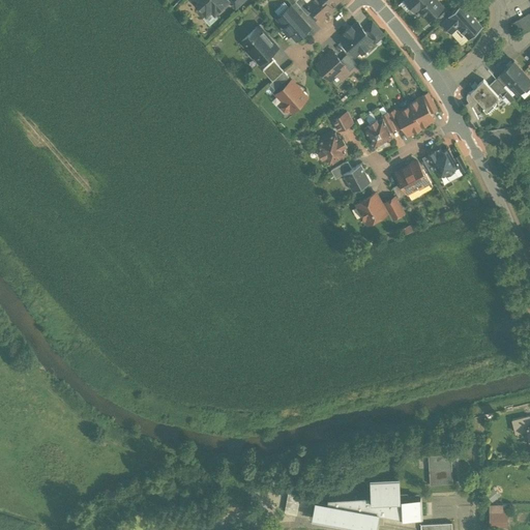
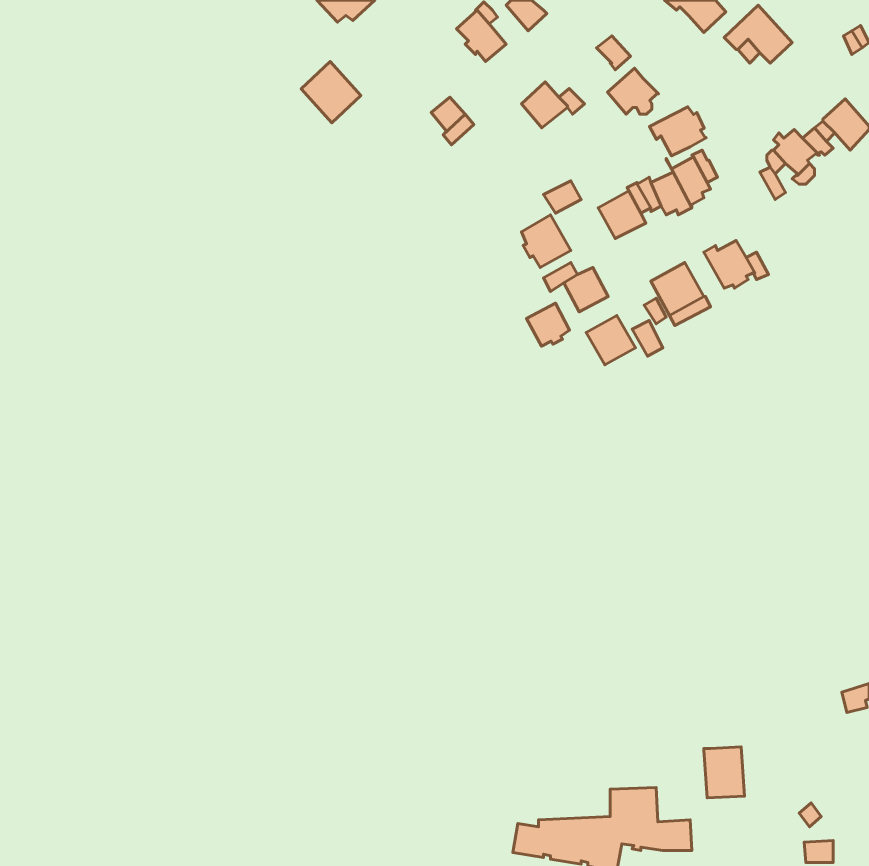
building: [341,26,372,54] -> [607,68,659,114]
building: [240,28,276,65] -> [301,62,361,123]
building: none -> [650,107,706,156]
building: [276,82,305,112] -> none
building: none -> [526,303,569,346]

